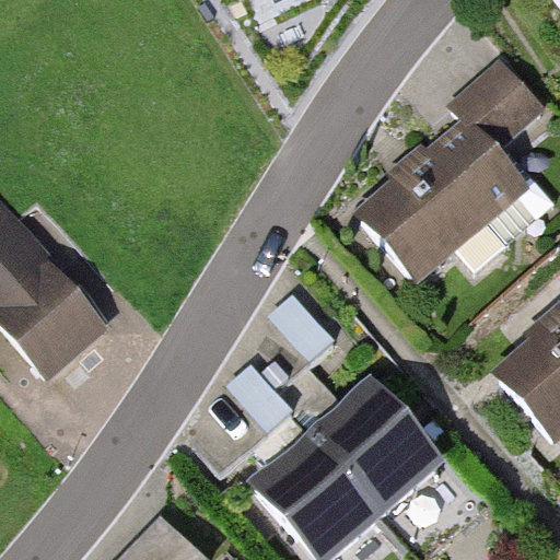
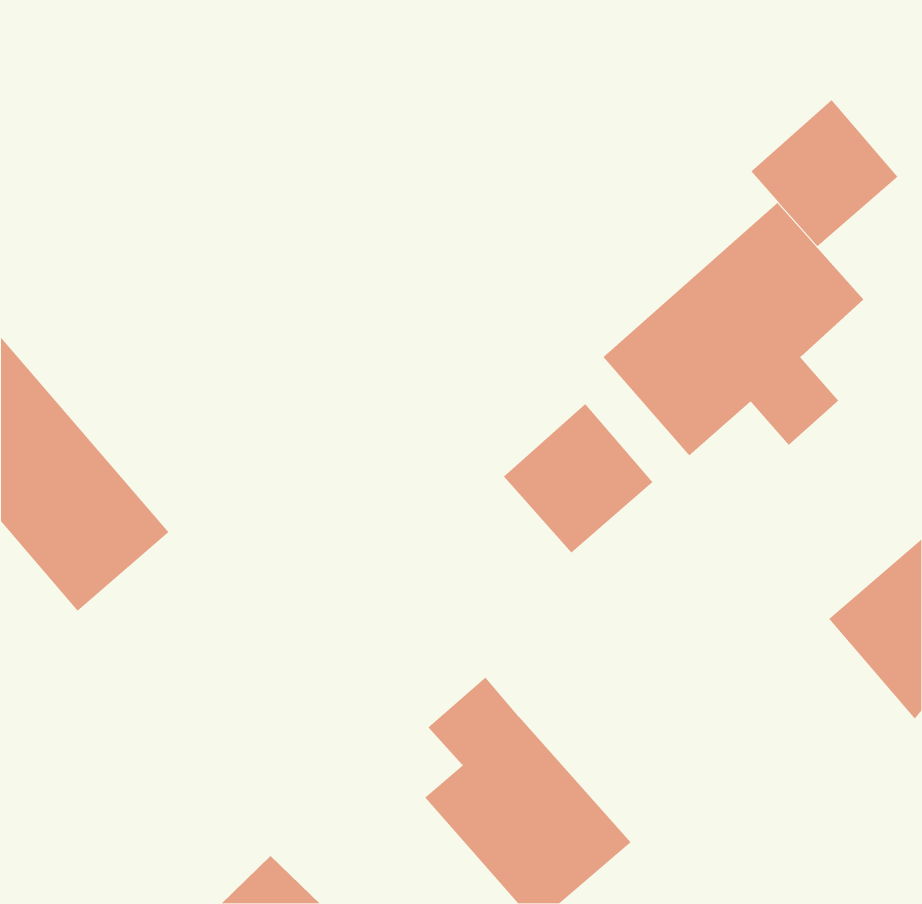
building: none -> [503,403,653,554]
building: [315,383,441,511] -> none

